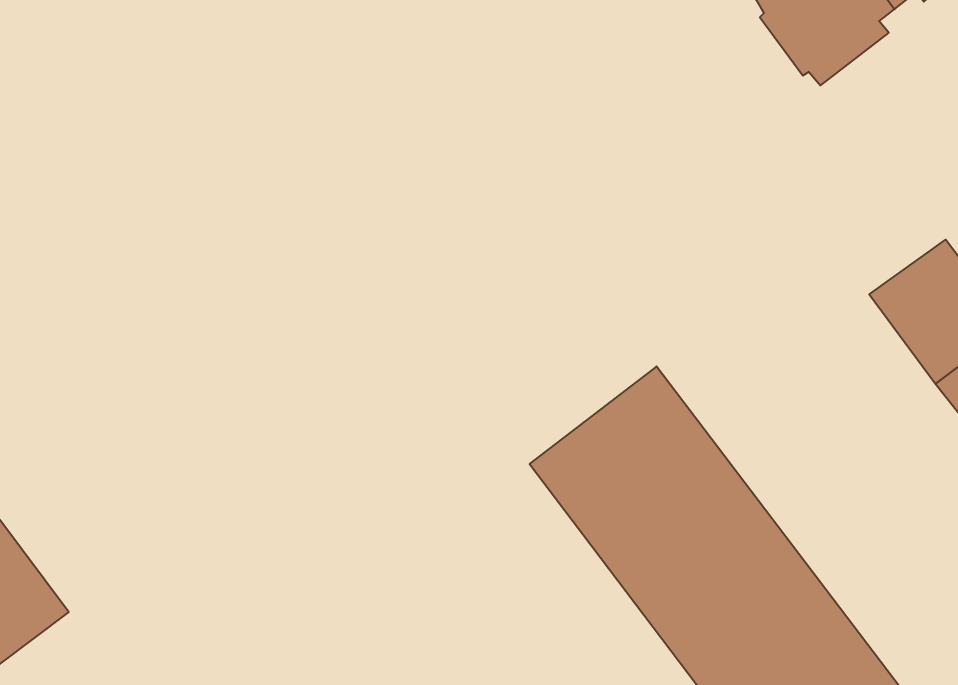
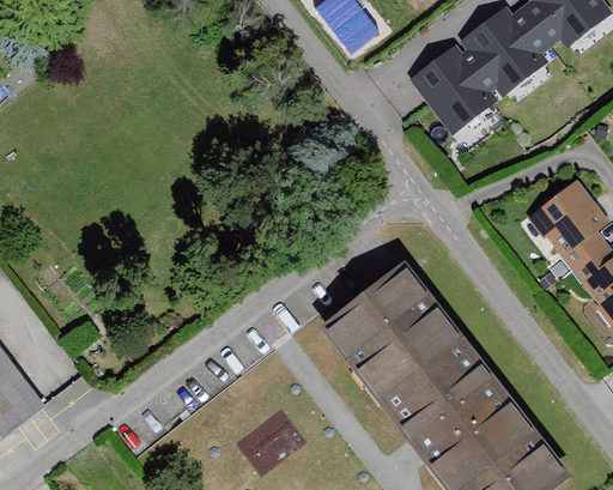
building: none -> [414,47,494,129]

